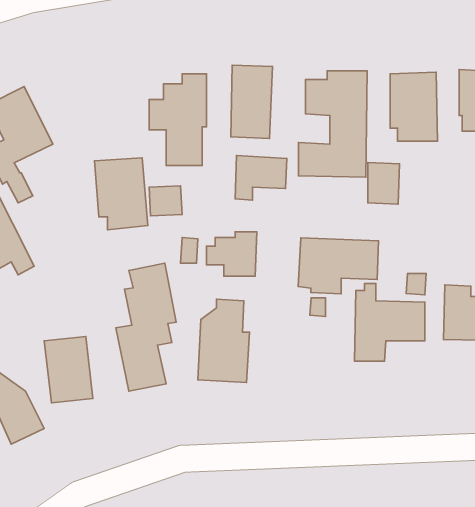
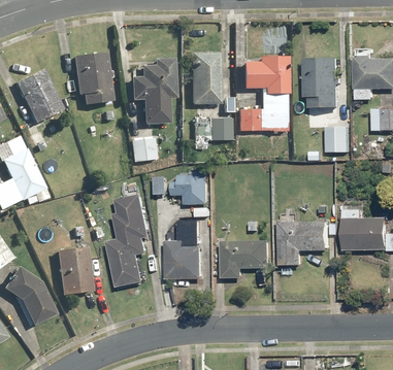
building: [95,158,148,230] -> [73,53,111,104]
building: [368,163,400,204] -> [326,123,349,153]
building: [298,238,378,294] -> [212,239,270,279]

